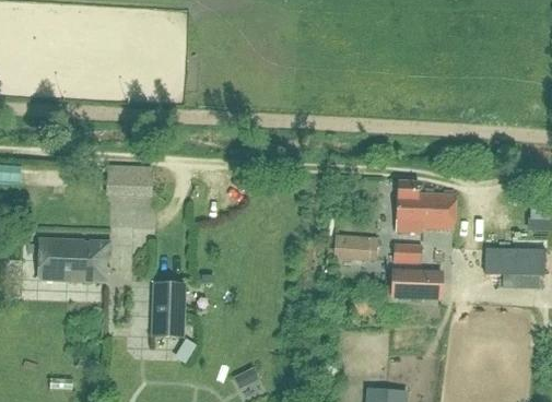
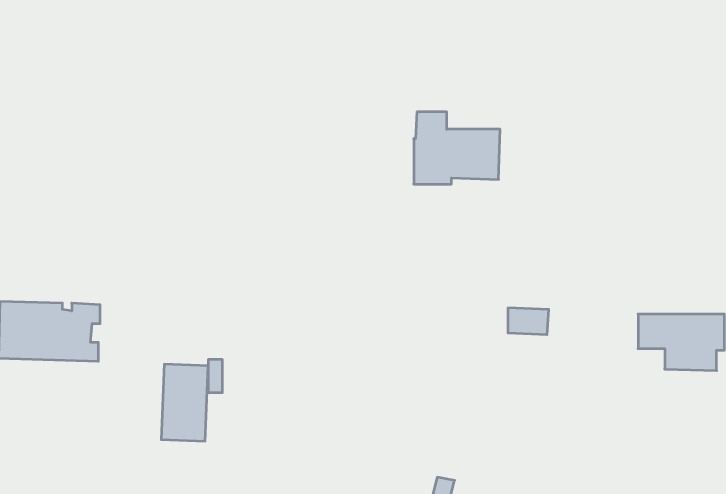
building: [396,181,456,232] -> [414,112,500,184]
building: [327,235,377,259] -> none
building: [391,270,430,297] -> none

